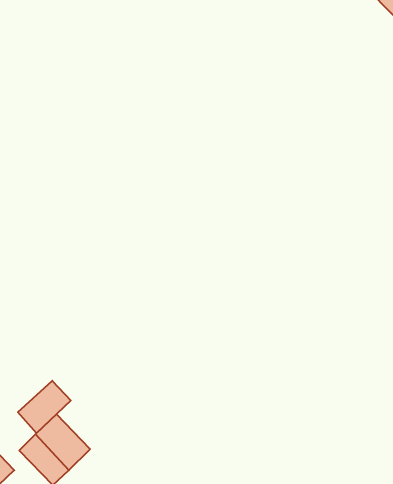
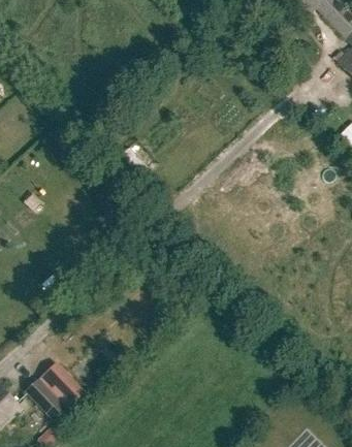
building: [18,381,71,433] -> none

